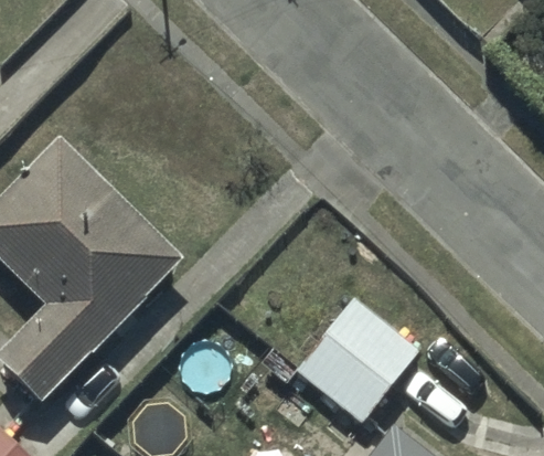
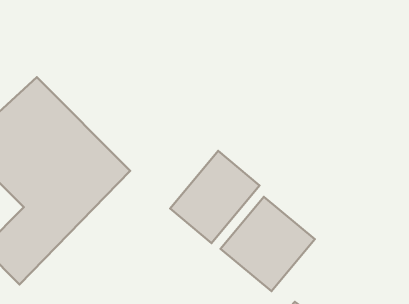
building: none -> [170,151,259,243]

